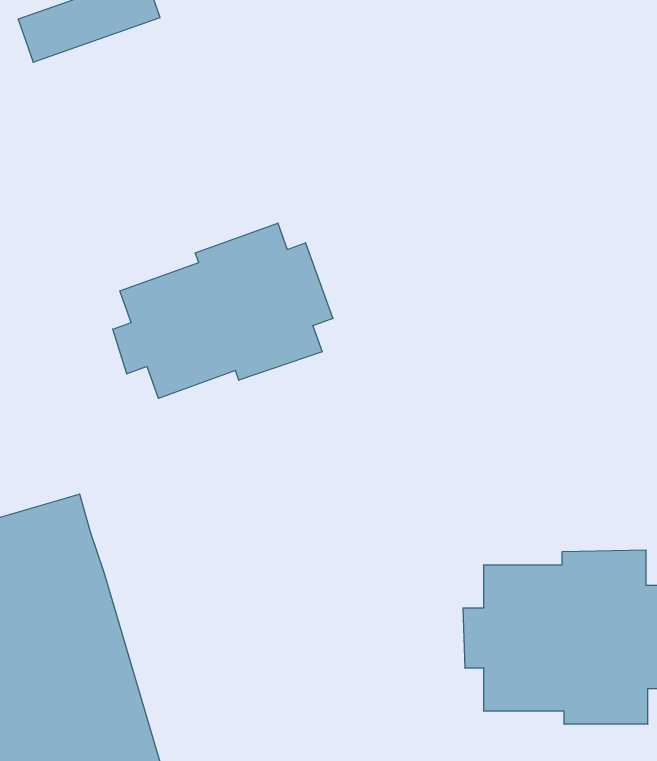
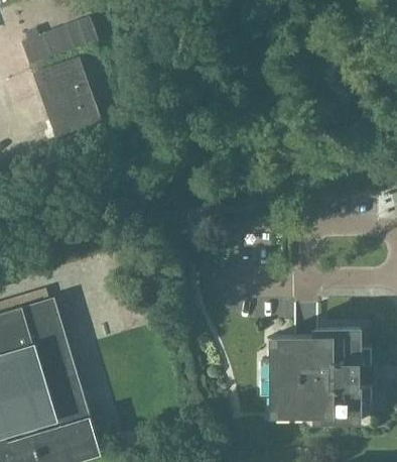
building: none -> [32,59,102,139]
building: [113,223,333,398] -> none

